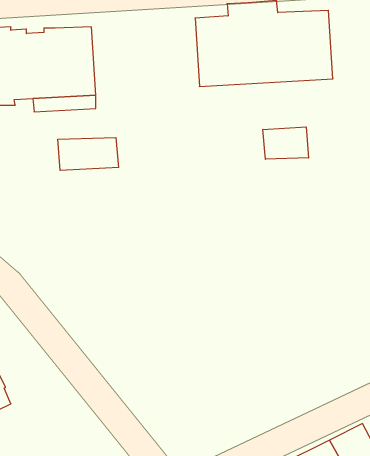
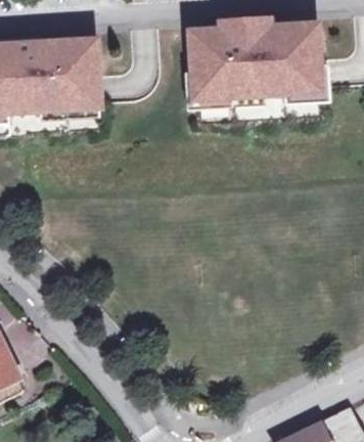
building: [263,127,308,159] -> none
building: [58,138,119,170] -> none

